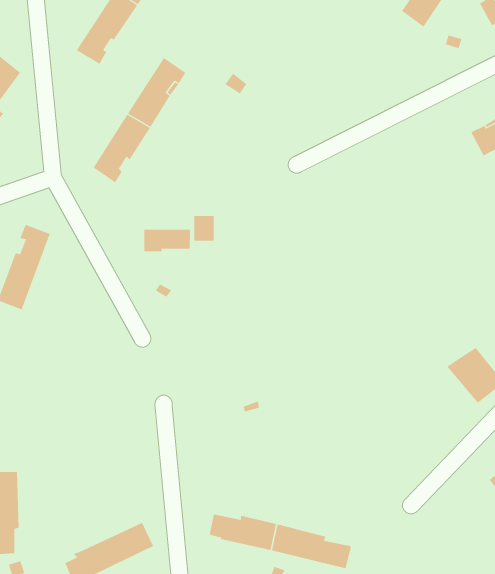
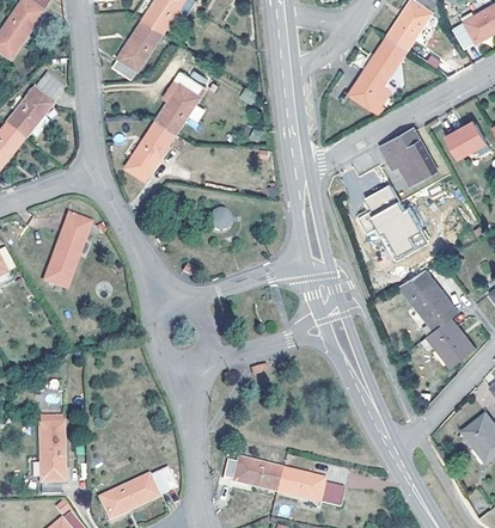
building: none -> [347,33,405,108]
building: none -> [379,128,435,183]
building: none -> [362,183,427,260]
building: [144,229,190,252] -> none
building: none -> [398,268,457,329]

